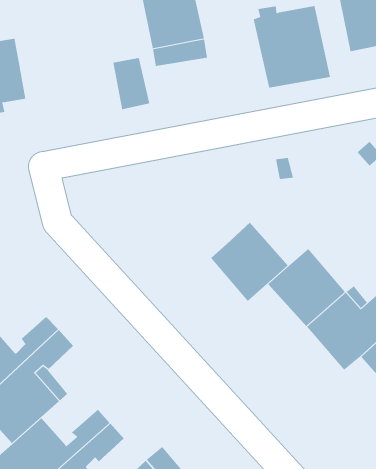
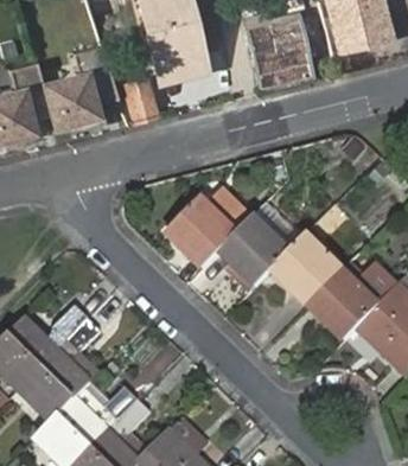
building: none -> [39,45,119,123]
building: none -> [165,187,249,263]

